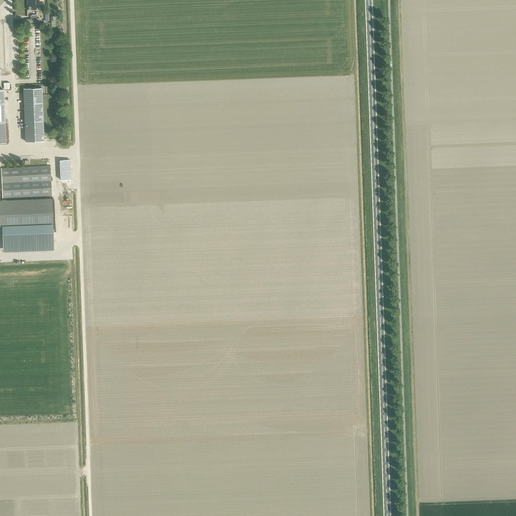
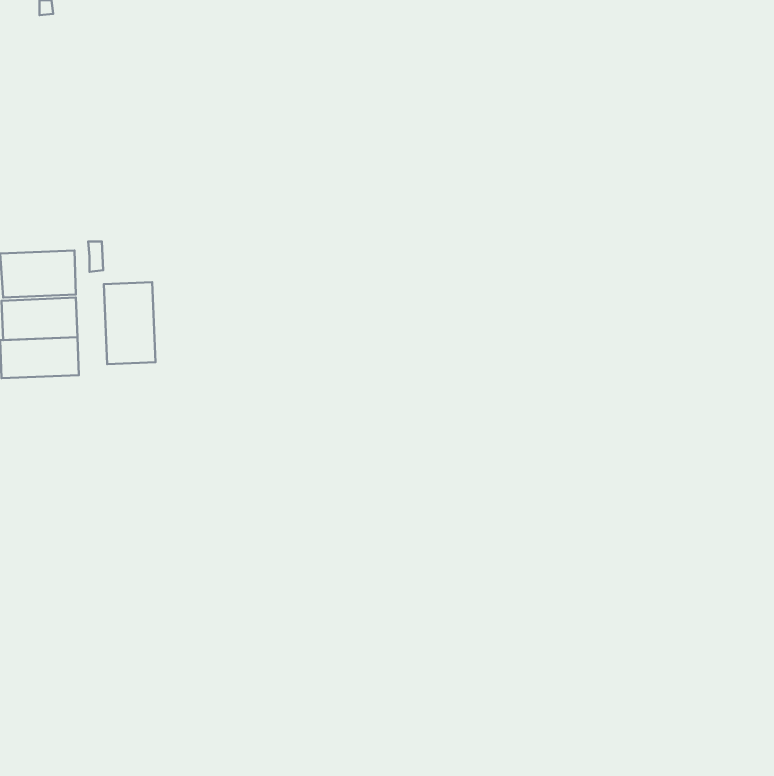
building: [22,88,43,141] -> none
building: none -> [104,282,156,364]

